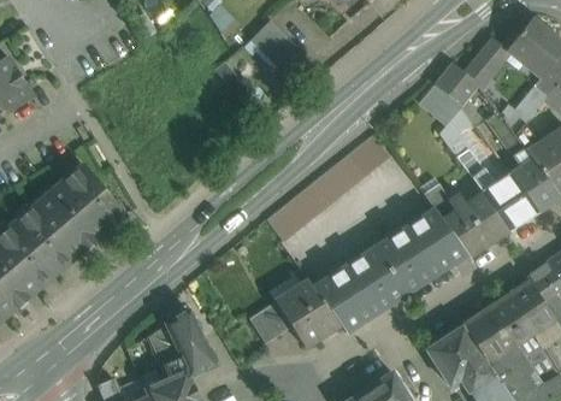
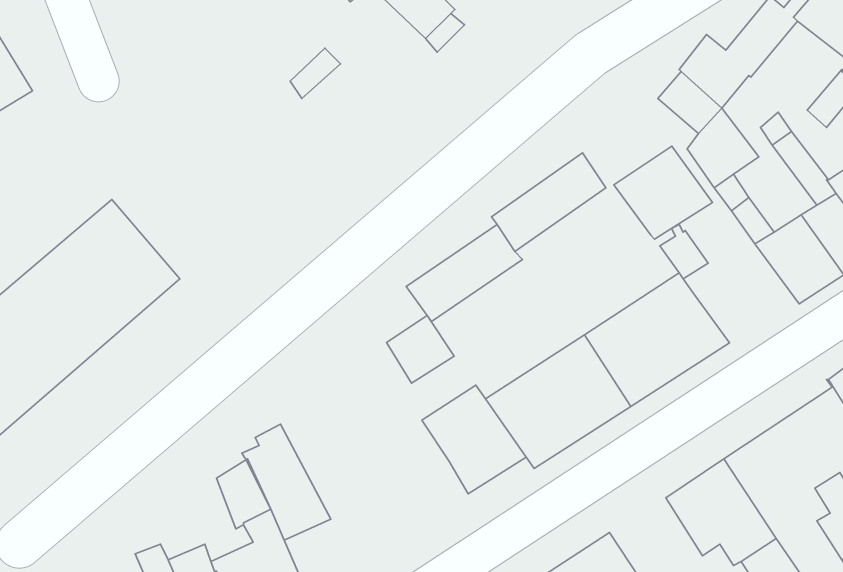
building: [443,197,504,255] -> [614,146,713,239]
building: [249,301,291,343] -> [386,315,454,383]

